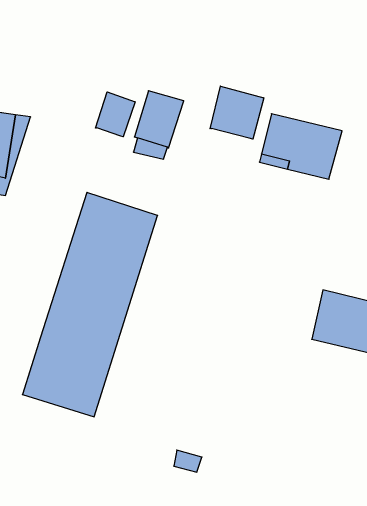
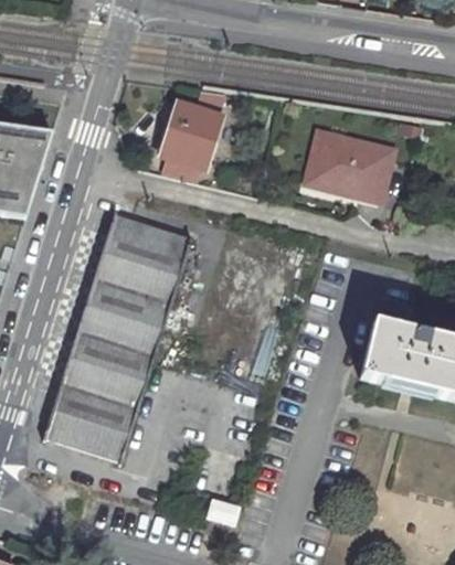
building: [210,86,264,139] -> none
building: [96,92,135,137] -> none

